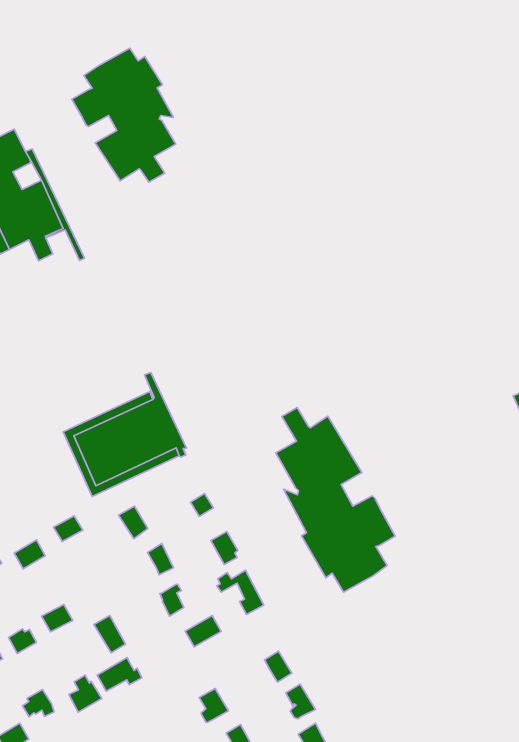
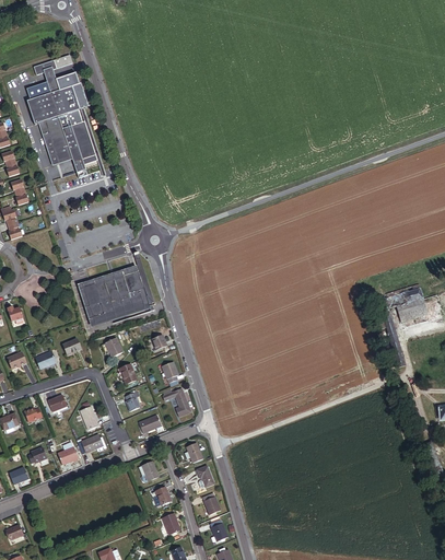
building: [72,48,176,182] -> none
building: [276,408,395,592] -> none

